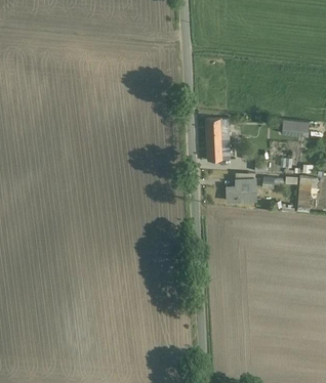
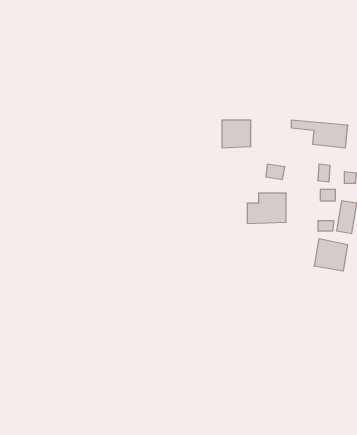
building: [205,139,230,160] -> none
building: none -> [314,239,348,271]

